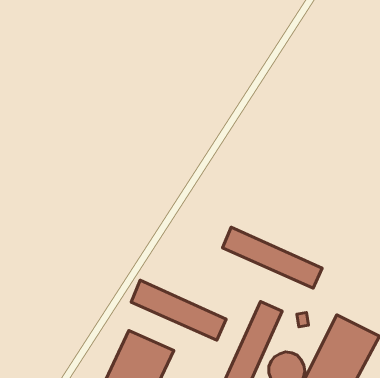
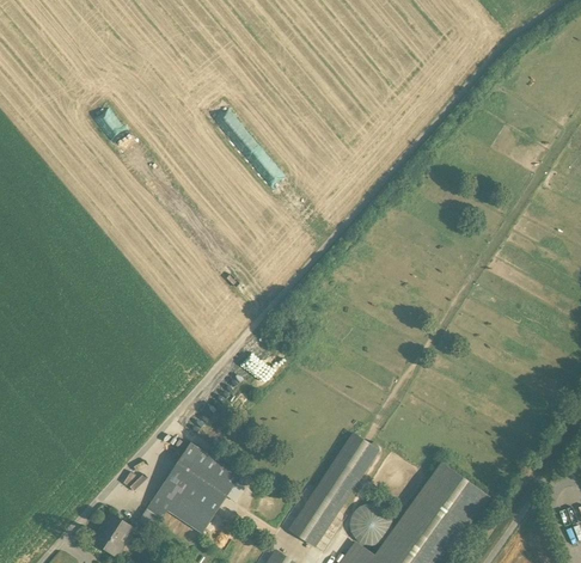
building: [223,227,322,288] -> none
building: [131,280,226,340] -> none

